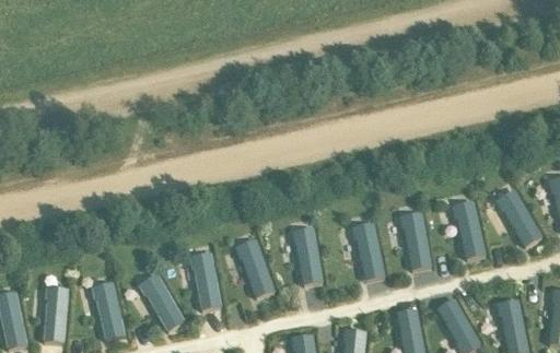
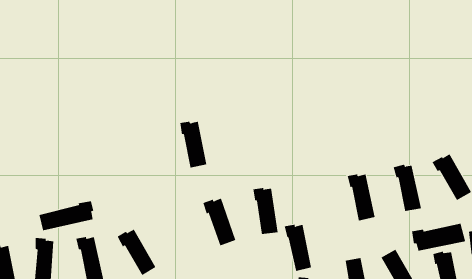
building: [352,225,384,279] -> [284,224,312,271]
building: none -> [39,200,94,231]
building: [189,255,221,308] -> [179,121,207,168]
building: none -> [411,223,466,251]

